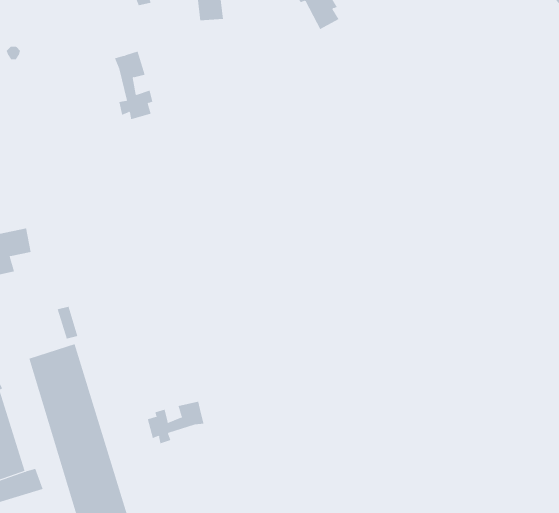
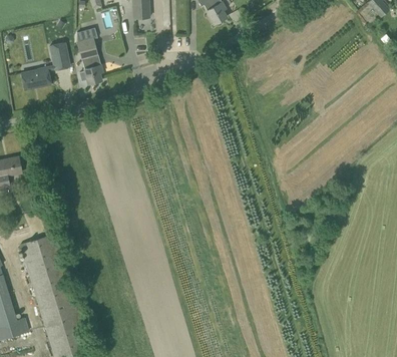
building: none -> [50,41,70,69]
building: none -> [22,68,51,89]
building: [147,401,204,444] -> none

